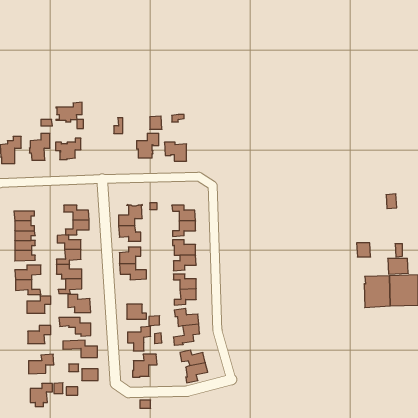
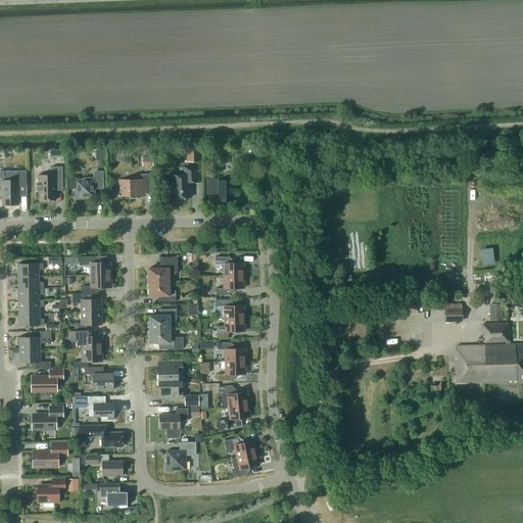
building: [56,102,82,122] -> [117,174,150,198]
building: none -> [158,361,184,380]
building: none -> [100,483,128,508]

